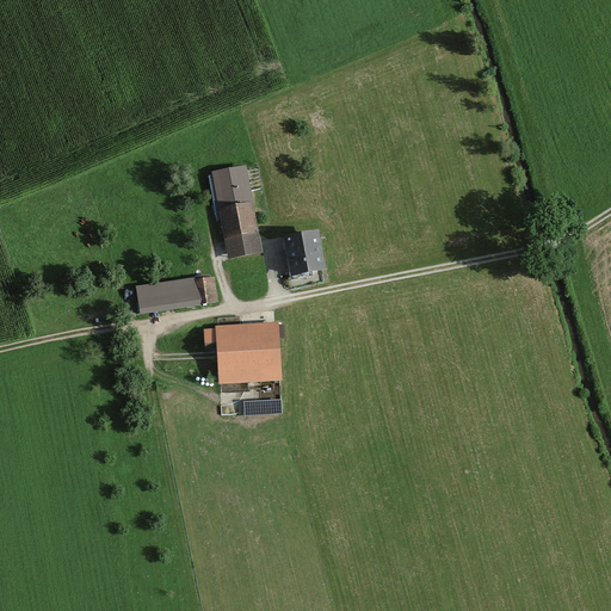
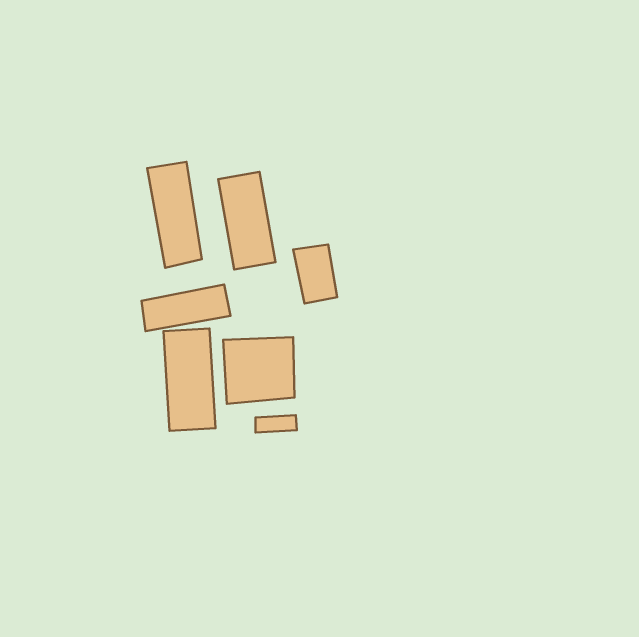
building: none -> [147,162,202,268]
building: none -> [164,328,215,431]

